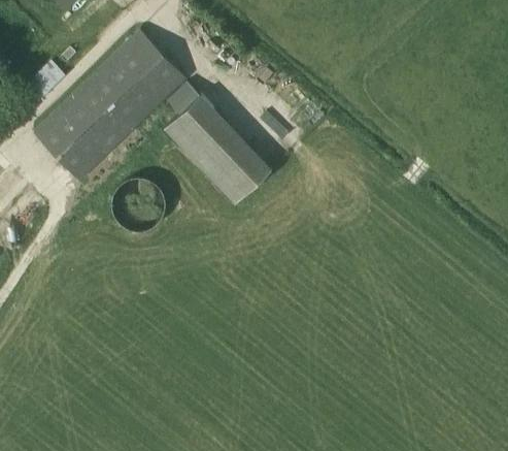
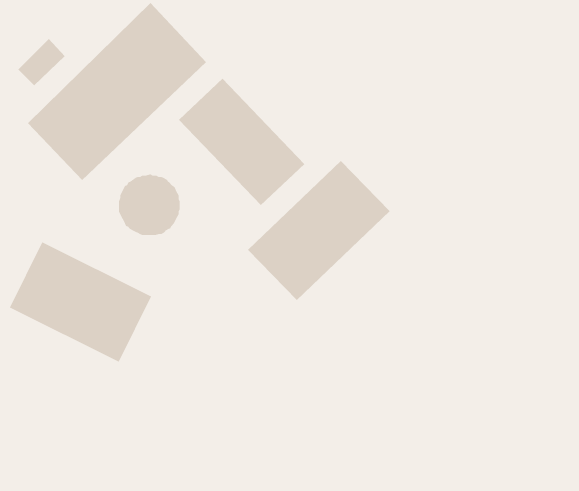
building: none -> [247,160,390,301]
building: none -> [9,241,152,363]

